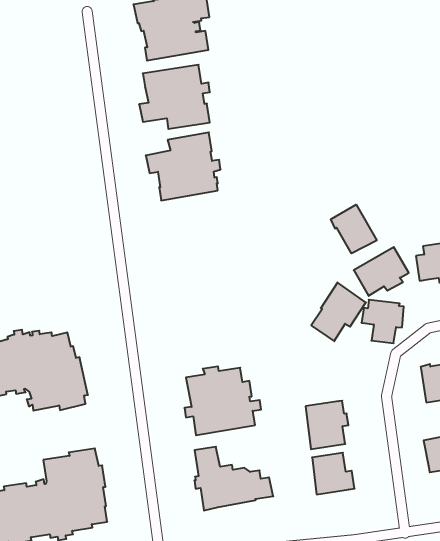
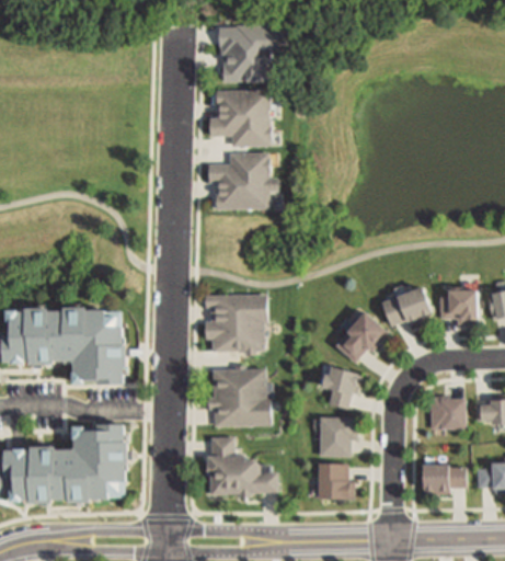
building: [331,205,377,253] -> none
building: none -> [206,298,271,357]
building: [361,300,404,343] -> [320,365,360,408]

